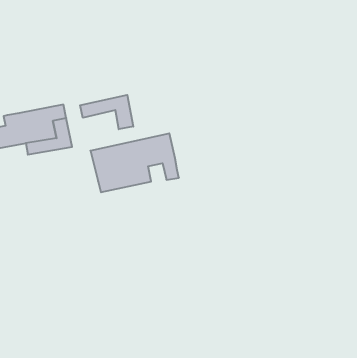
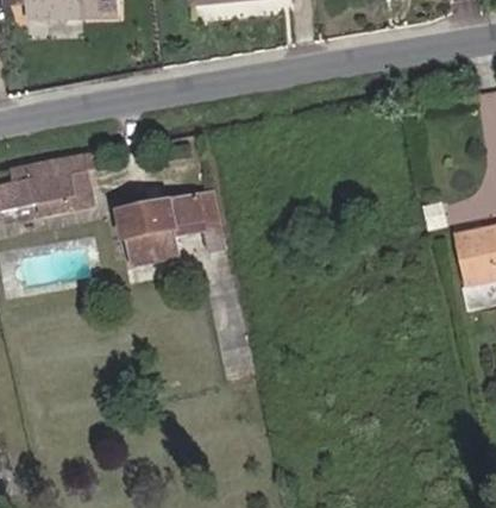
building: [80,95,133,129] -> none

